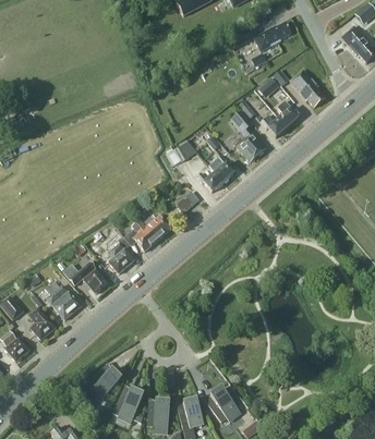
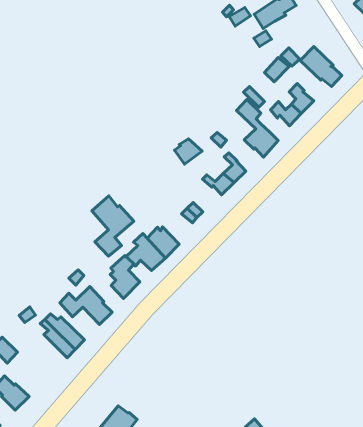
building: none -> [92,196,134,256]
building: [29,307,55,340] -> none

